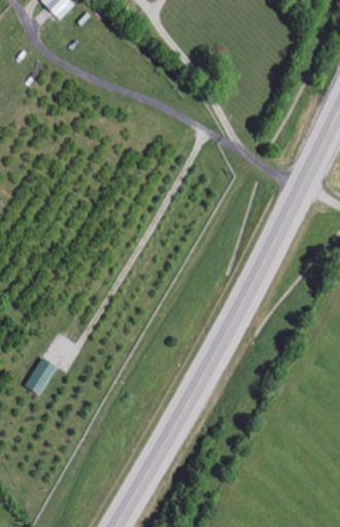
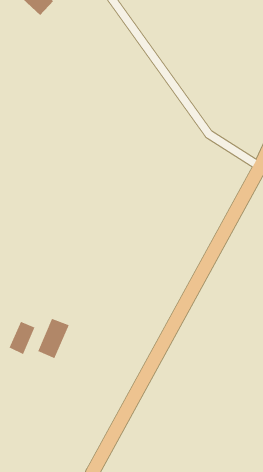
building: none -> [37,318,70,359]

